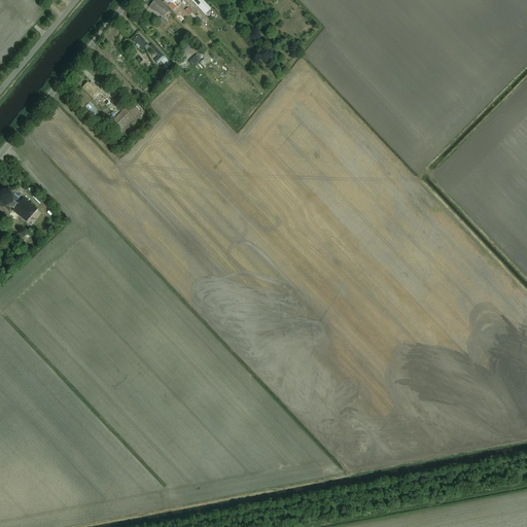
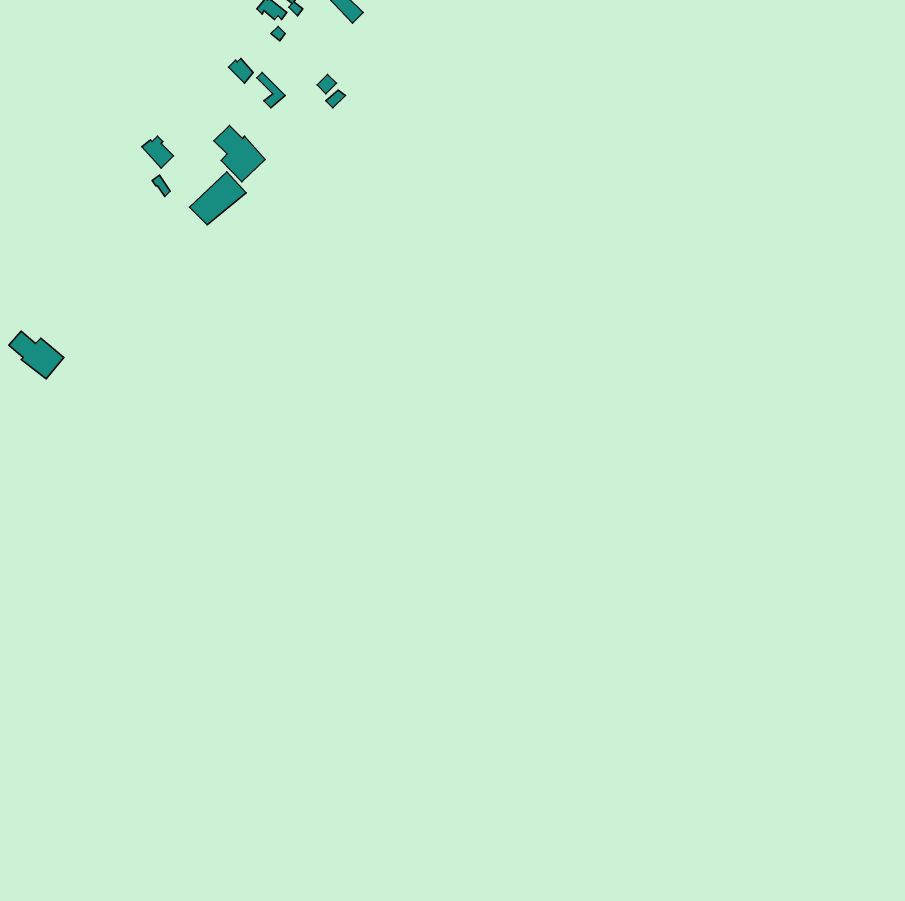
building: none -> [214,125,265,182]

